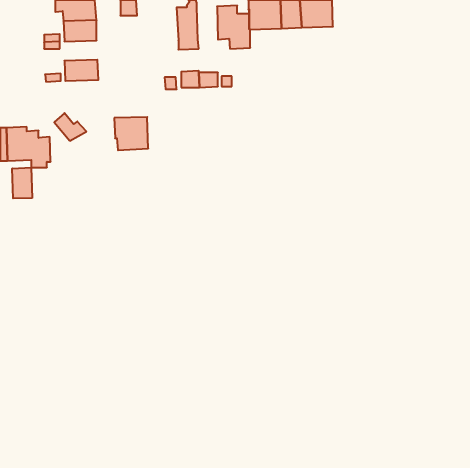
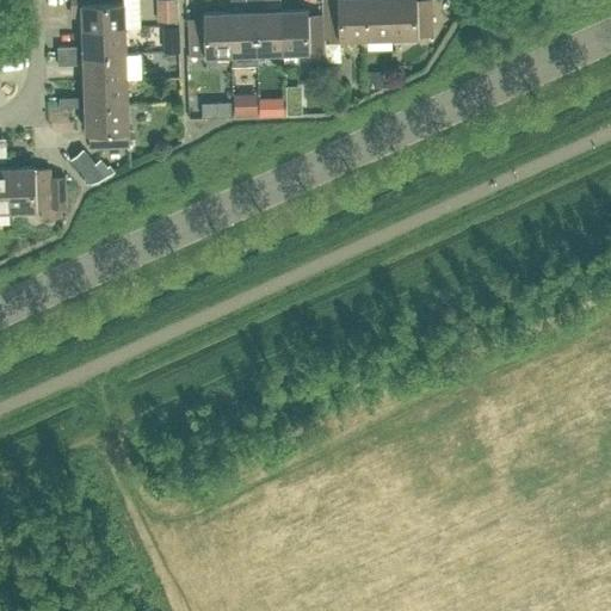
building: none -> [255,11,283,54]
building: none -> [189,12,232,56]
building: none -> [84,55,126,81]
building: [114,117,148,150] -> [85,106,129,149]
building: [12,167,32,198] -> none

